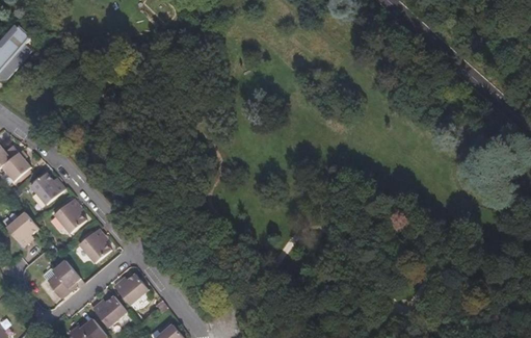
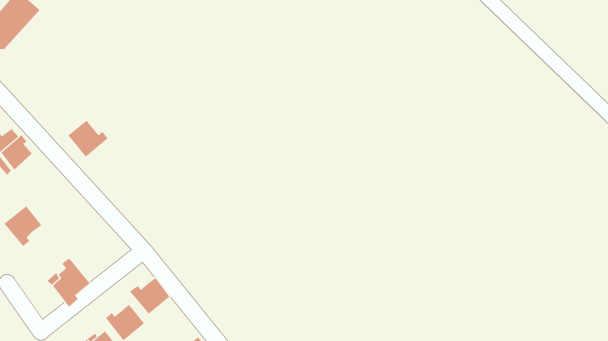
building: [30,173,65,205] -> [67,120,108,157]
building: [54,199,86,234] -> none
building: [78,228,111,263] -> none

